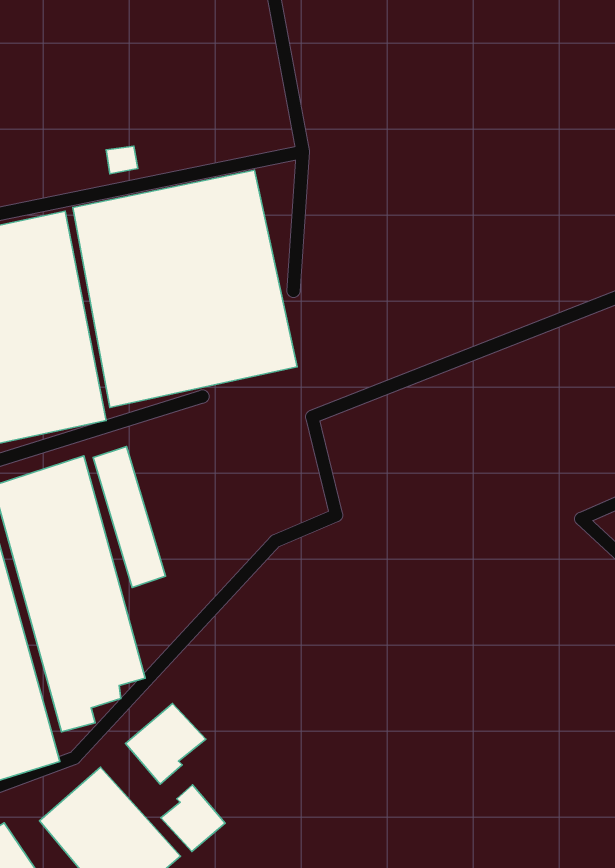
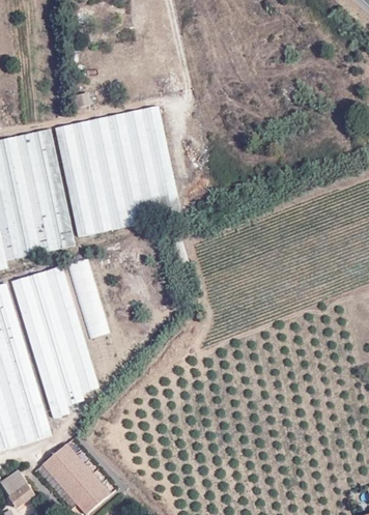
building: [125,703,206,784] -> none
building: [161,785,225,852] -> none

